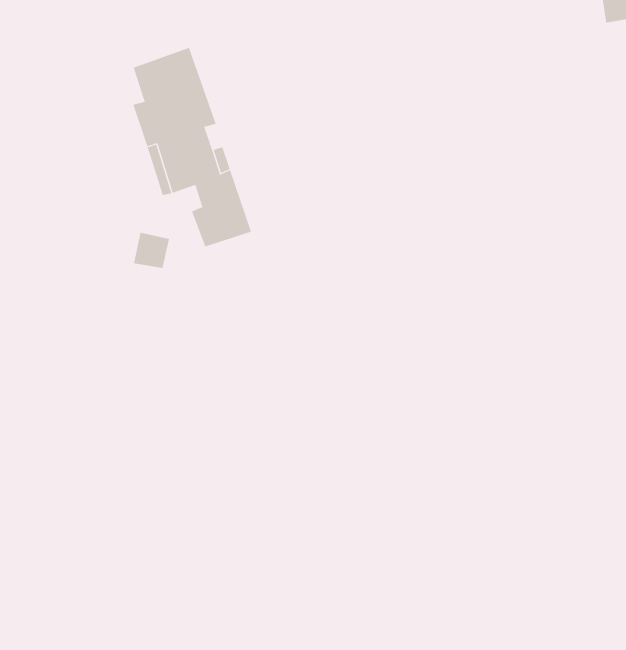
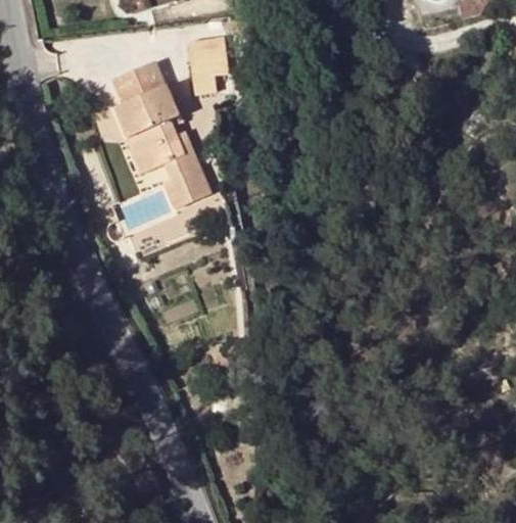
building: none -> [187,37,228,95]

